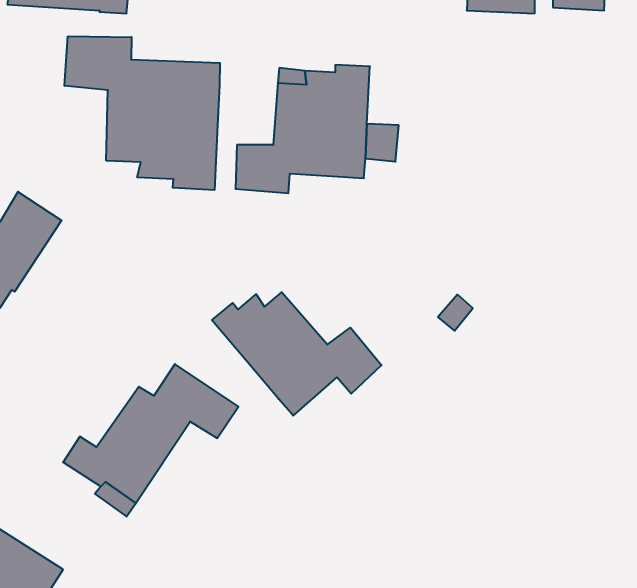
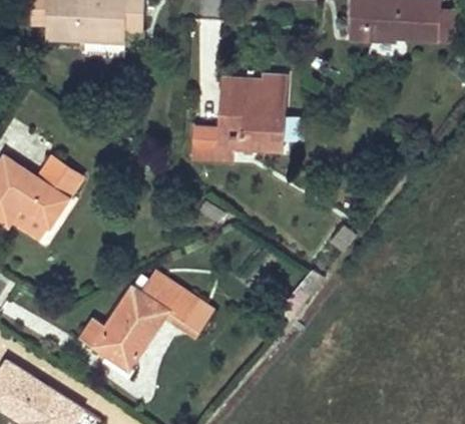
building: [65,36,220,190] -> none
building: [212,292,382,416] -> none

